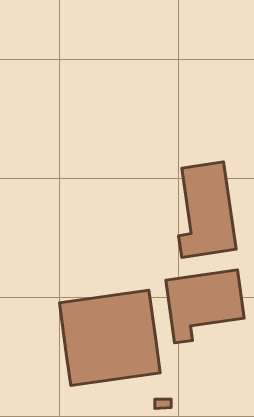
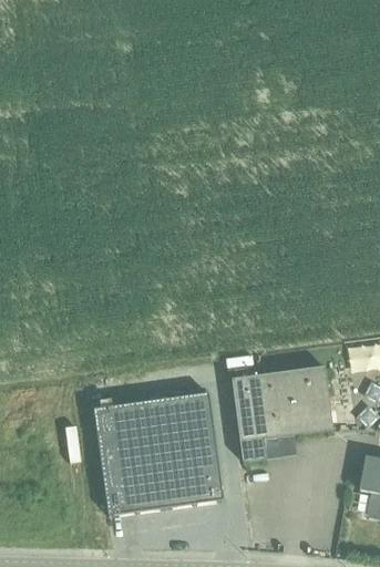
building: [179,162,236,258] -> none

